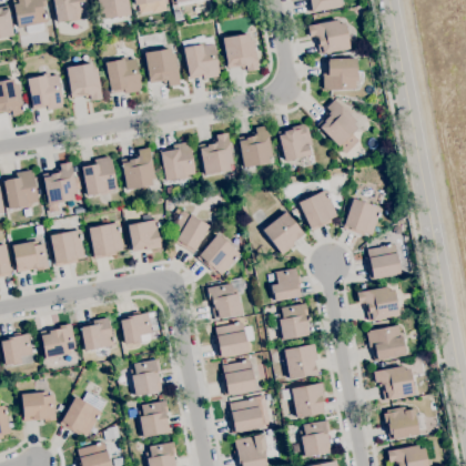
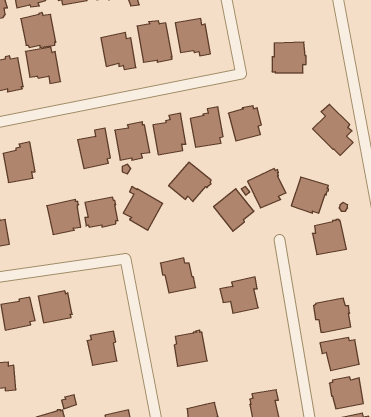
building: [308,20,351,57] -> none
building: [105,57,142,93] -> [21,12,56,47]
building: [317,100,359,153] -> [313,104,353,155]
building: [82,155,118,196] -> none
building: [51,230,85,266] -> none
building: [196,234,241,275] -> [169,162,211,202]
building: [271,269,302,301] -> none
building: [357,286,399,321] -> none
building: [121,311,155,345] -> none
building: [214,321,255,357] -> none
building: [284,340,318,379] -> none
building: [291,383,325,418] -> none
building: [60,392,105,436] -> none
building: [229,397,264,434] -> none
building: [139,401,170,437] -> none

